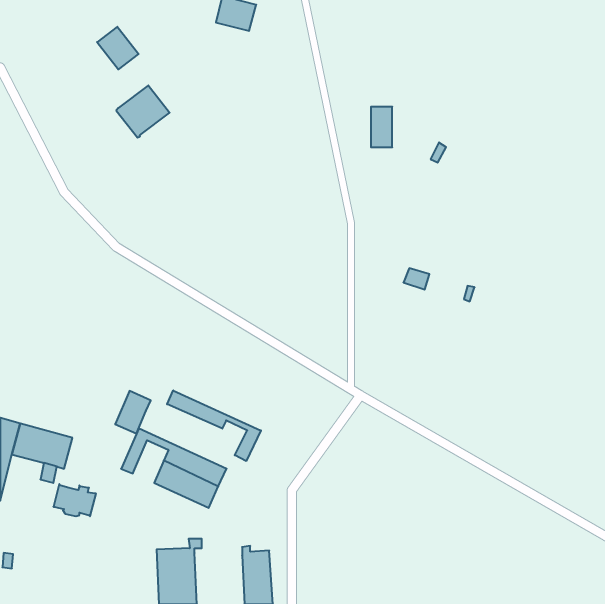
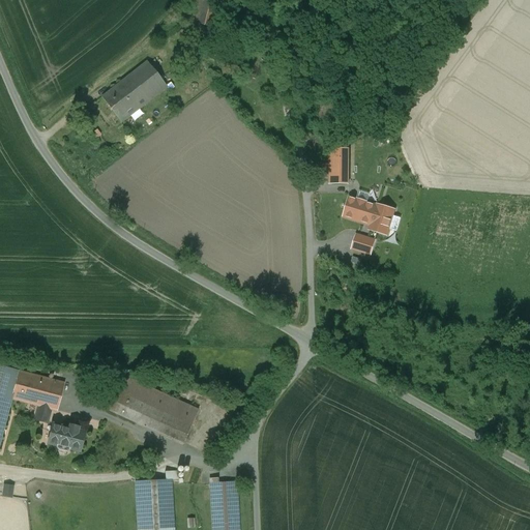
building: [97,27,139,69] -> [130,61,167,98]
building: [371,107,392,147] -> [330,147,349,182]
building: none -> [345,196,394,233]
building: [167,390,261,461] -> none
building: [115,391,151,434] -> [117,384,148,421]

